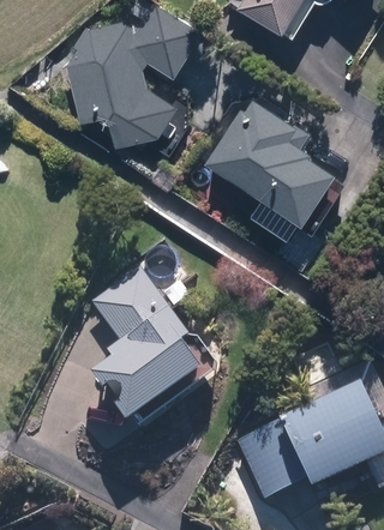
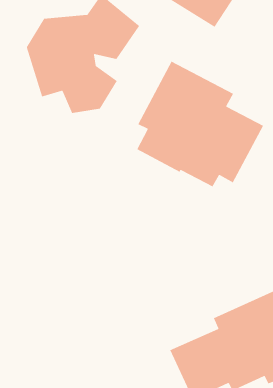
building: [89,242,210,438] -> none

